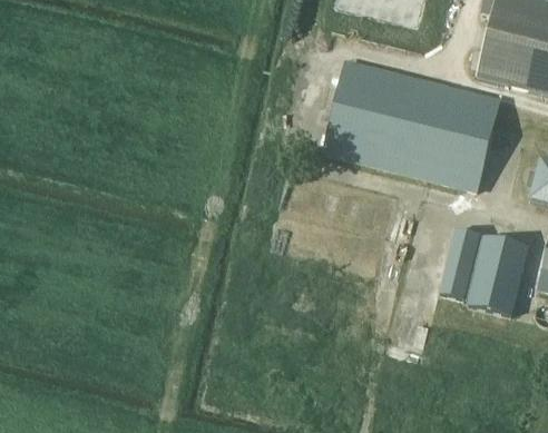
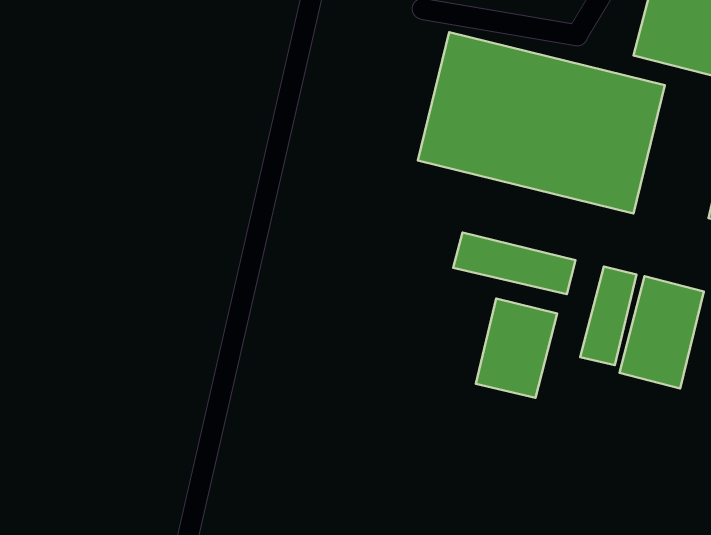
building: none -> [453,232,575,294]
building: none -> [476,299,557,398]

